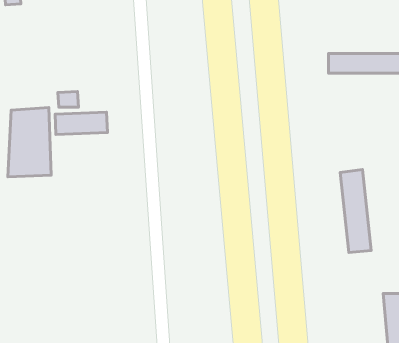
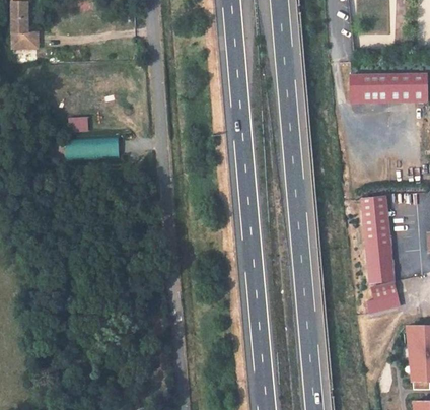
building: none -> [12,24,41,52]
building: [8,108,51,177] -> none
building: none -> [366,283,400,315]

